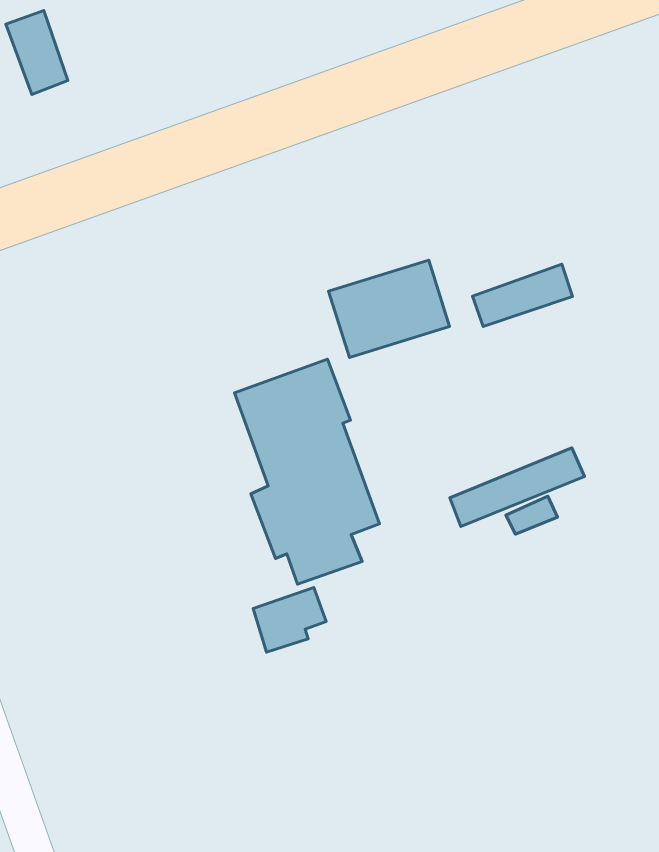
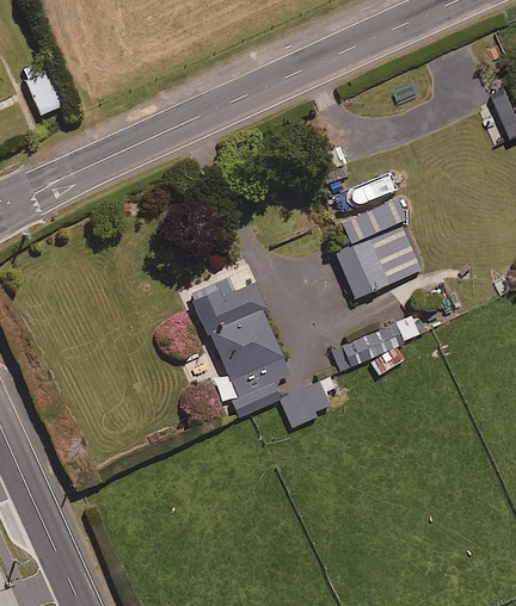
building: [329,260,450,358] -> [339,228,419,295]
building: [253,587,326,652] -> [281,383,328,427]

